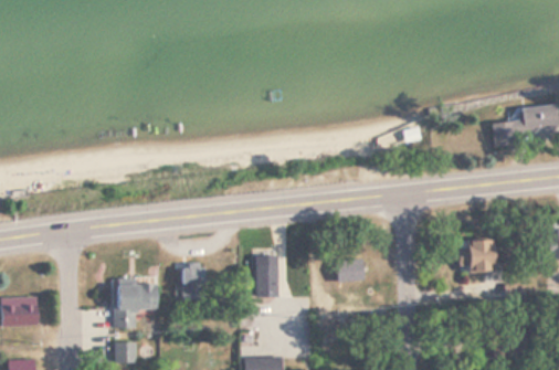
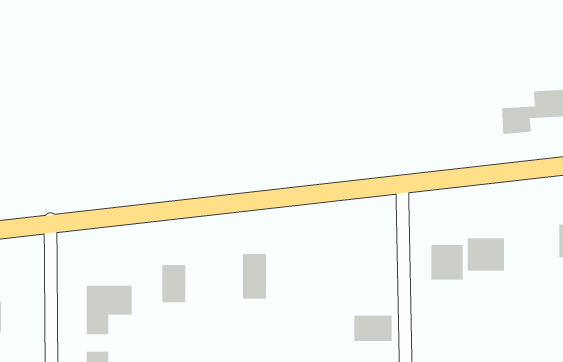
building: none -> [430,244,464,281]
building: [337,256,372,281] -> [353,315,393,342]

